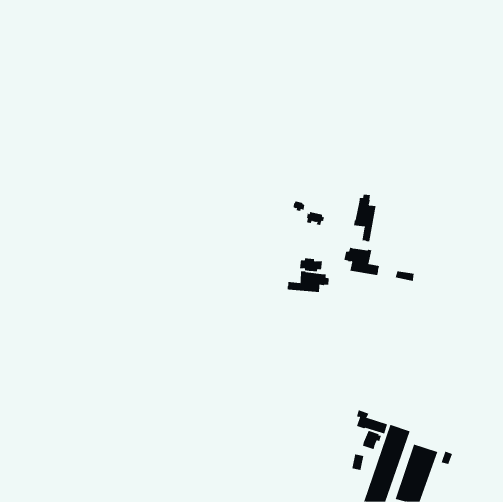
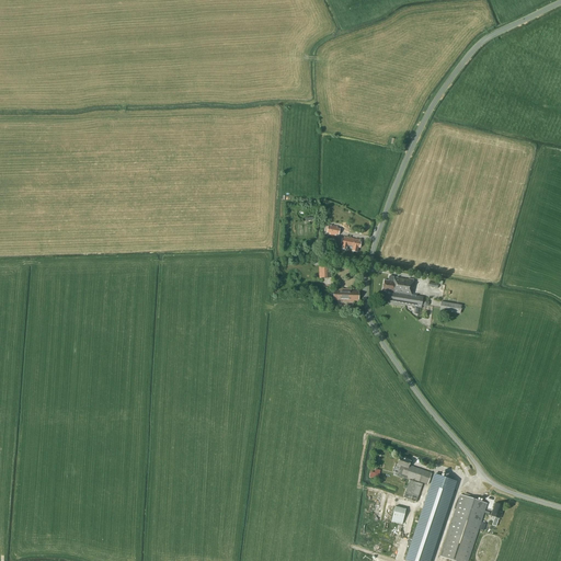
building: [353,194,376,242] -> none
building: [287,270,329,293] -> none

